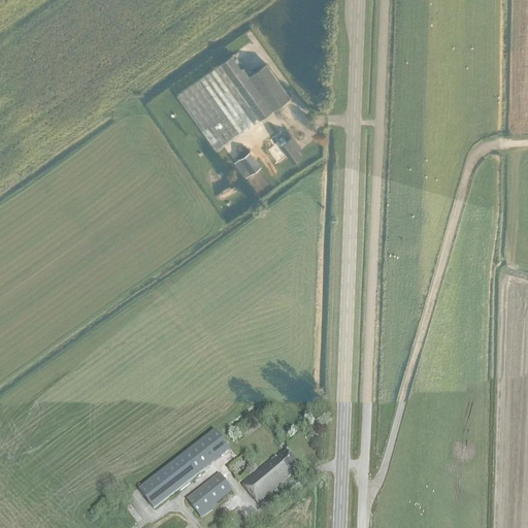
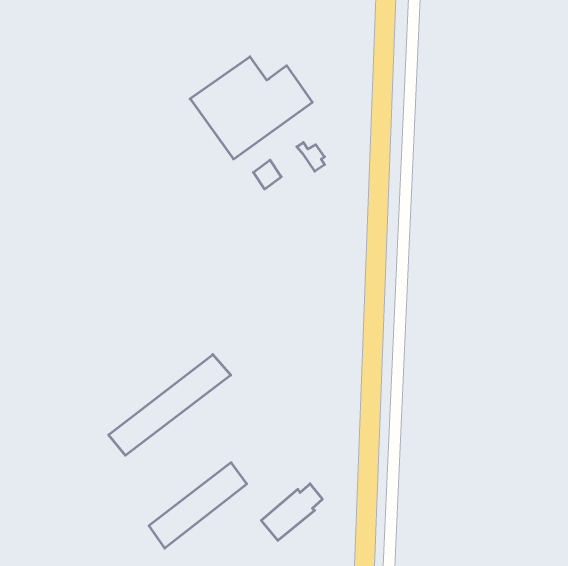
building: none -> [109,354,231,455]
building: [187,473,232,515] -> none

